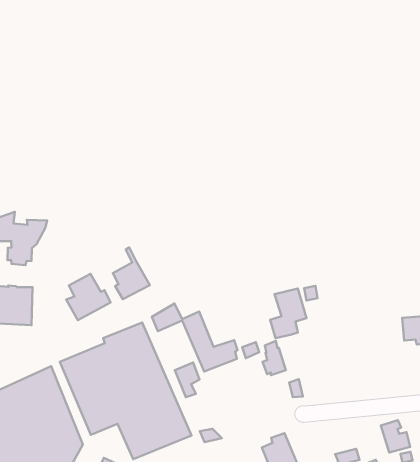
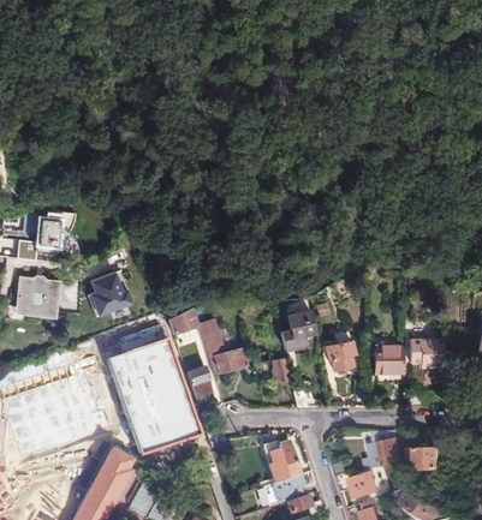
building: [113,247,150,299] -> none
building: none -> [375,345,401,375]
building: none -> [325,341,355,370]

